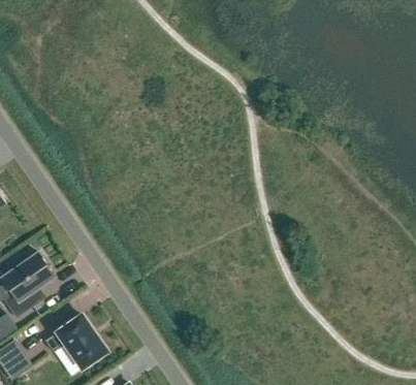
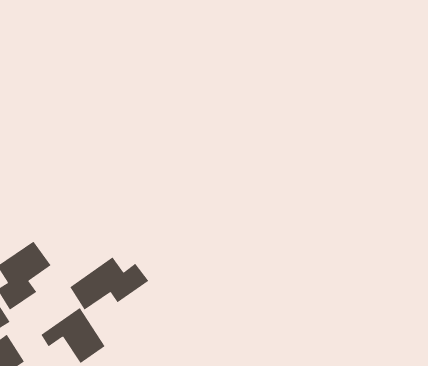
building: none -> [69,257,149,310]

